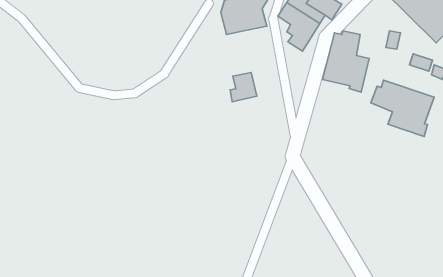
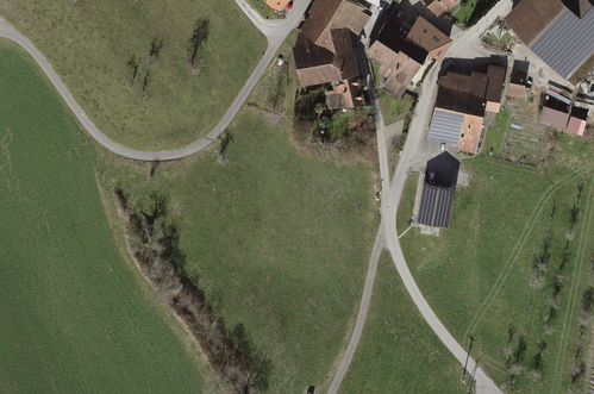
building: none -> [469,67,507,111]
building: [230,72,257,102] -> [325,67,359,105]
building: [371,80,434,137] -> none
building: none -> [417,182,448,221]

